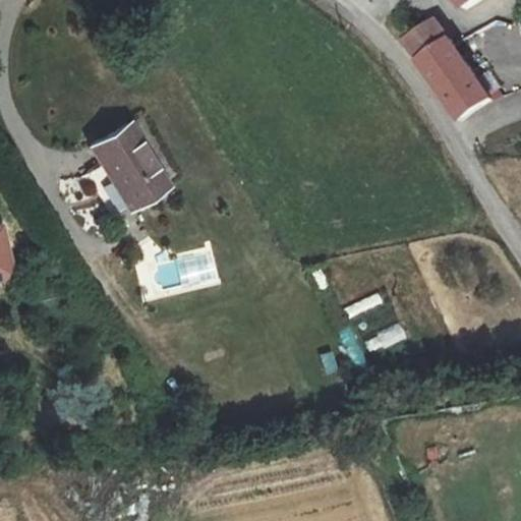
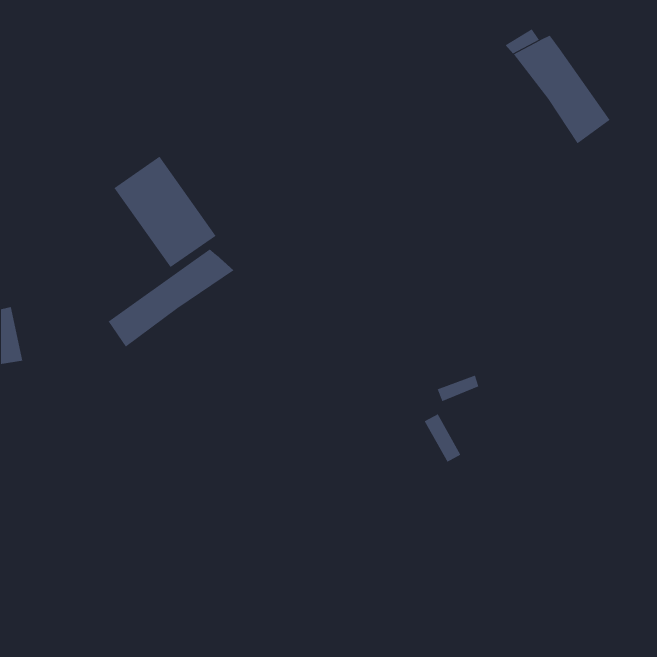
building: none -> [108,249,234,347]

